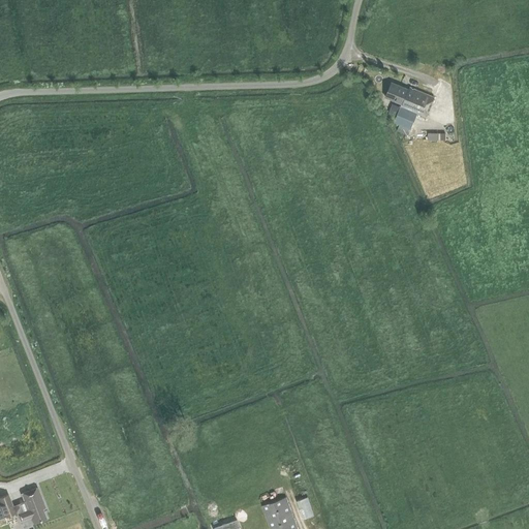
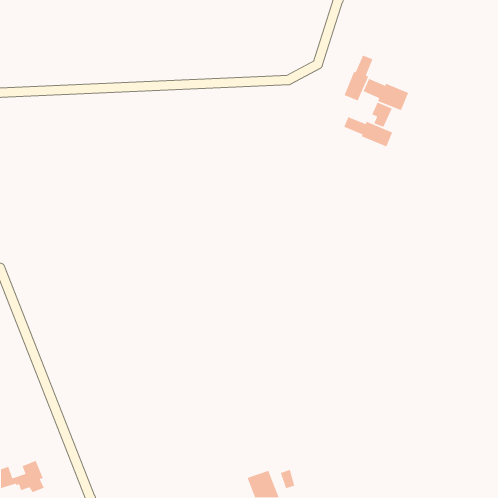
building: none -> [343,54,373,102]
building: none -> [343,116,393,147]

